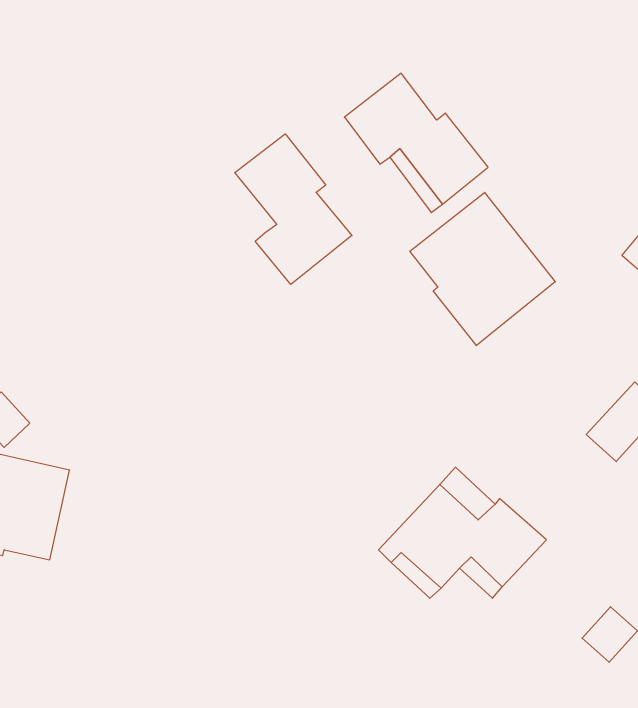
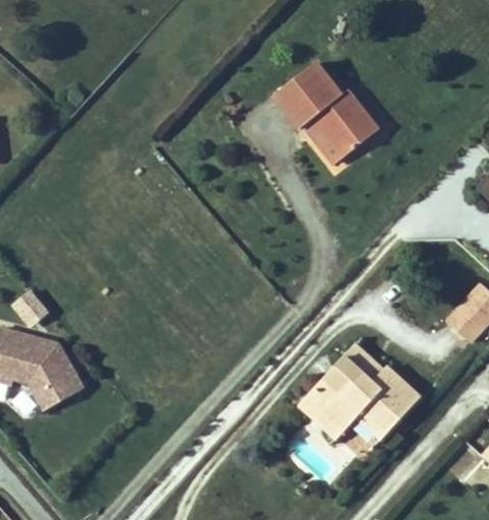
building: [235,134,352,284] -> none
building: [410,192,555,346] -> none

